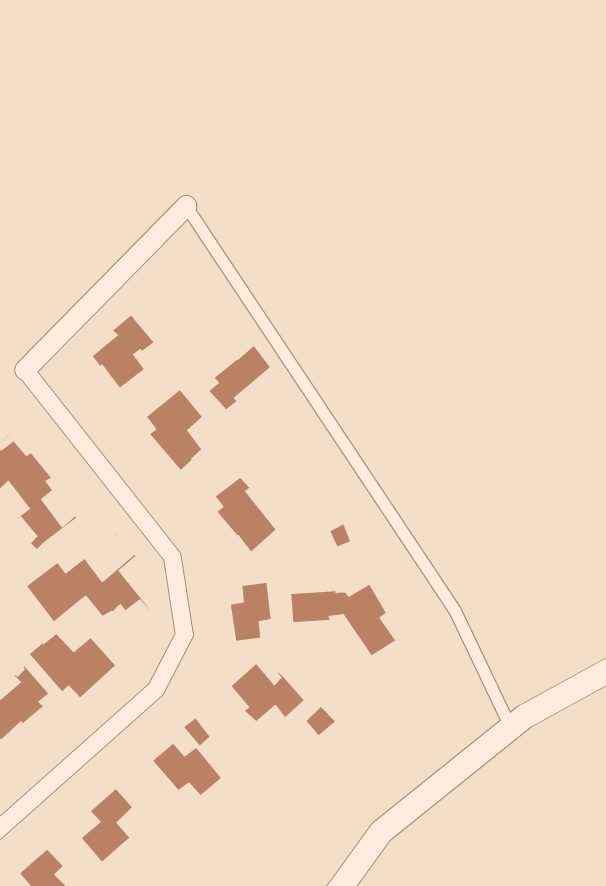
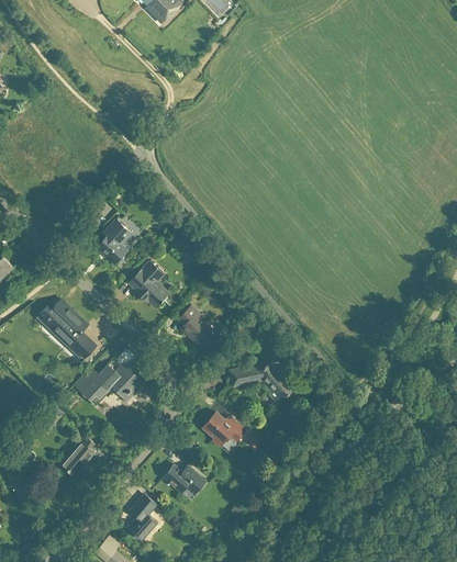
building: [209,345,271,410] -> none
building: [231,582,271,641] -> none
building: [29,633,116,698] -> none

